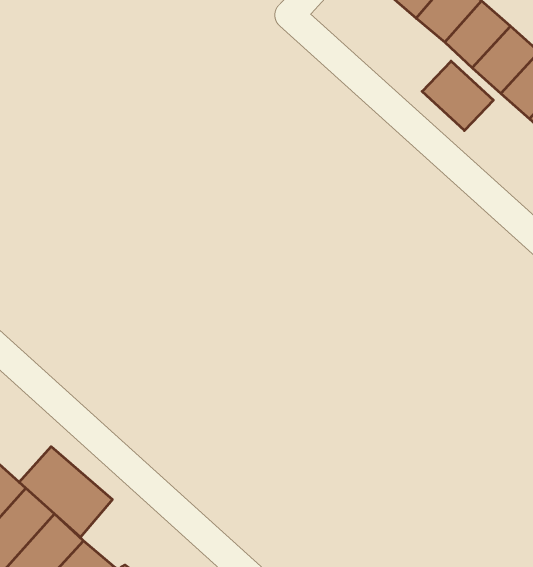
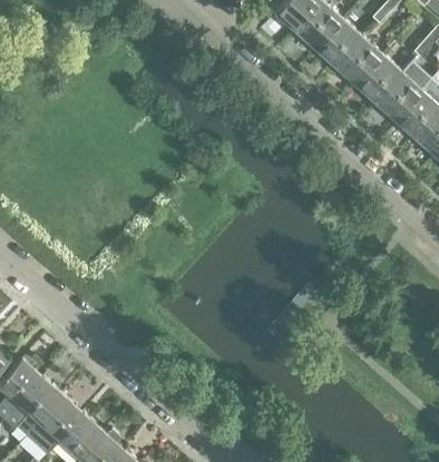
building: [422,61,493,131] -> none
building: [19,447,112,537] -> none

